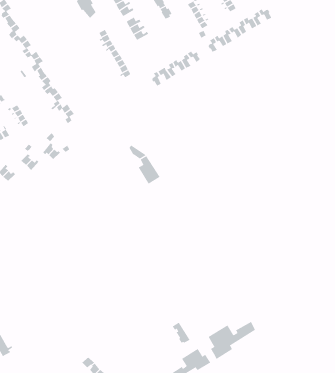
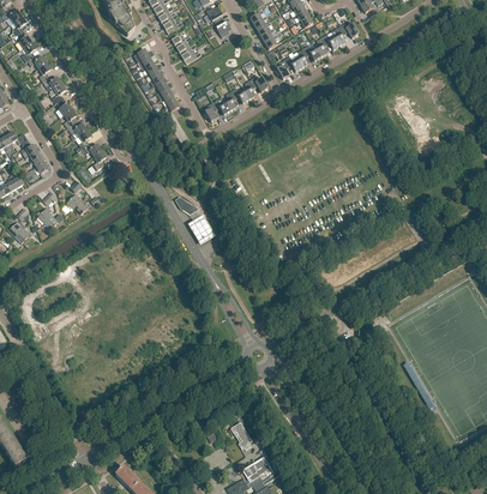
building: [208,321,256,360] -> none

